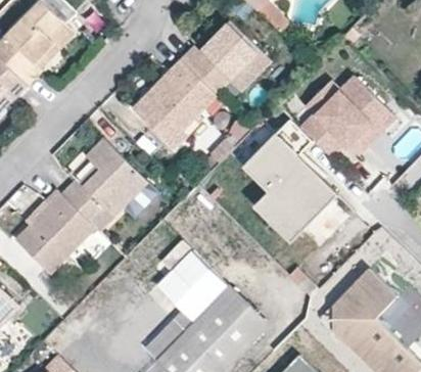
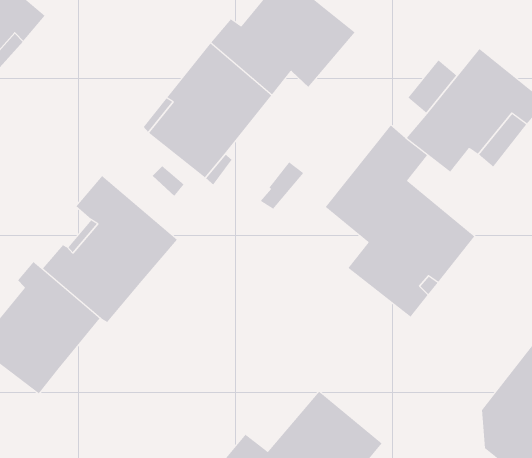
building: [155,238,230,321] -> none

